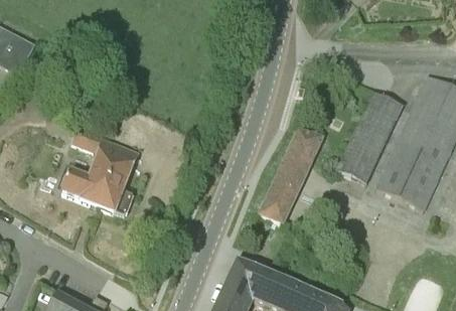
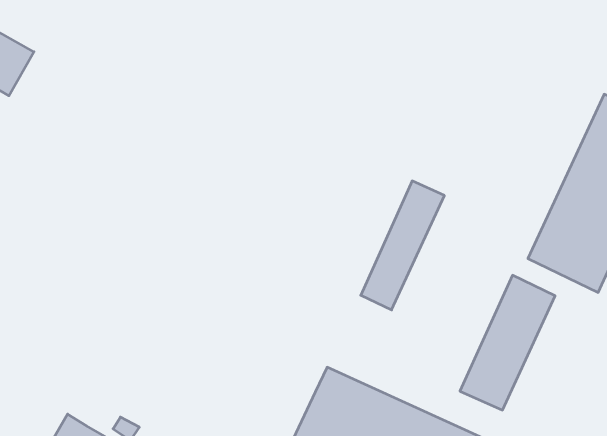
building: [336,89,402,181] -> [460,275,555,410]
building: [61,127,135,213] -> none

